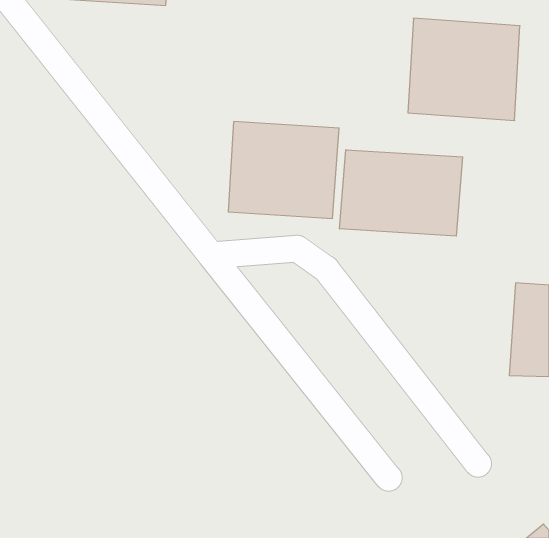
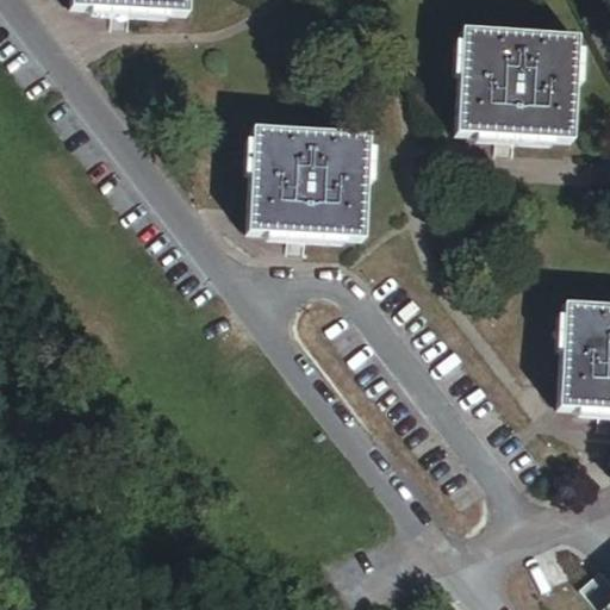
building: [340,150,463,236] -> none

